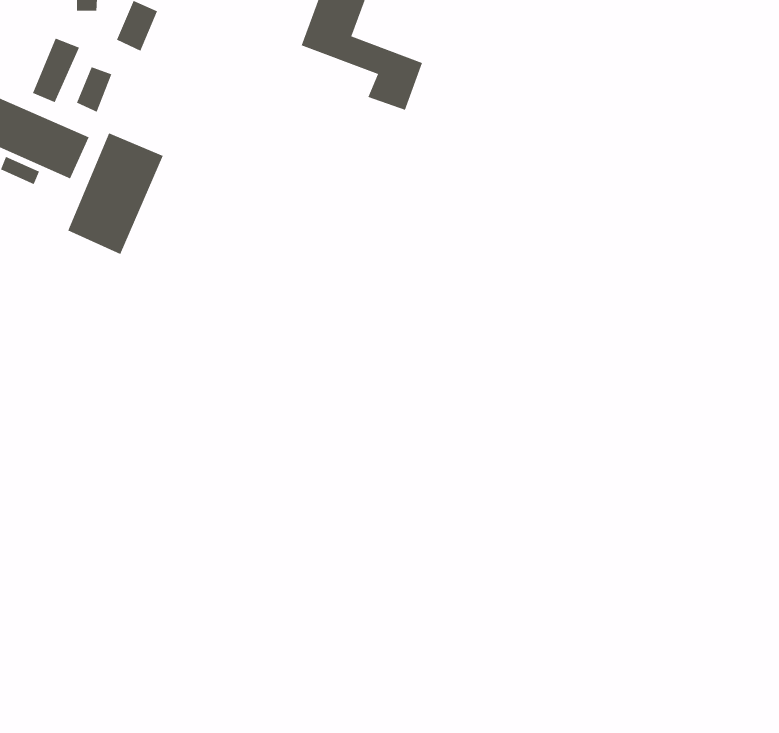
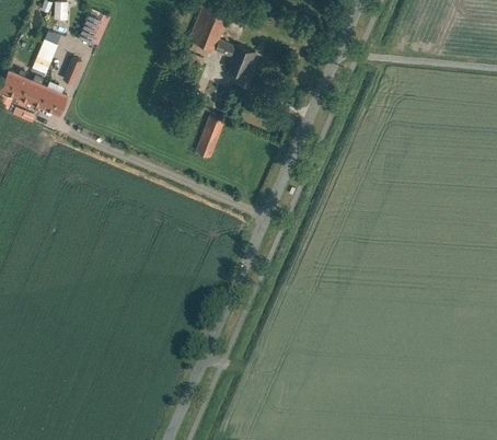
building: [67,132,164,255] -> none
building: none -> [195,115,226,155]

